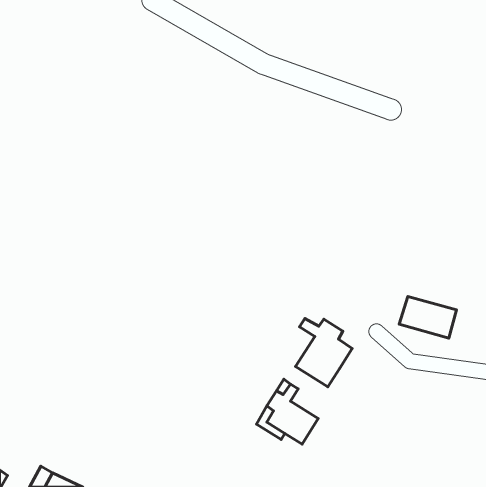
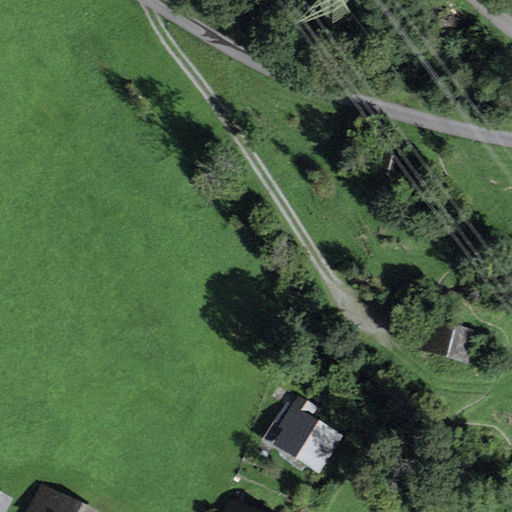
building: [296,318,352,387] -> none

